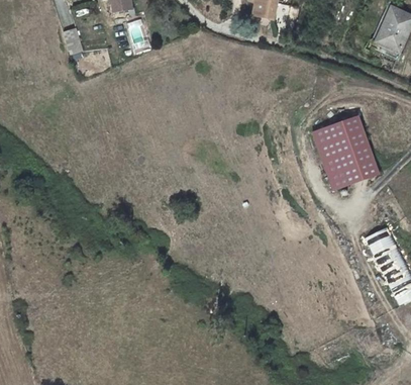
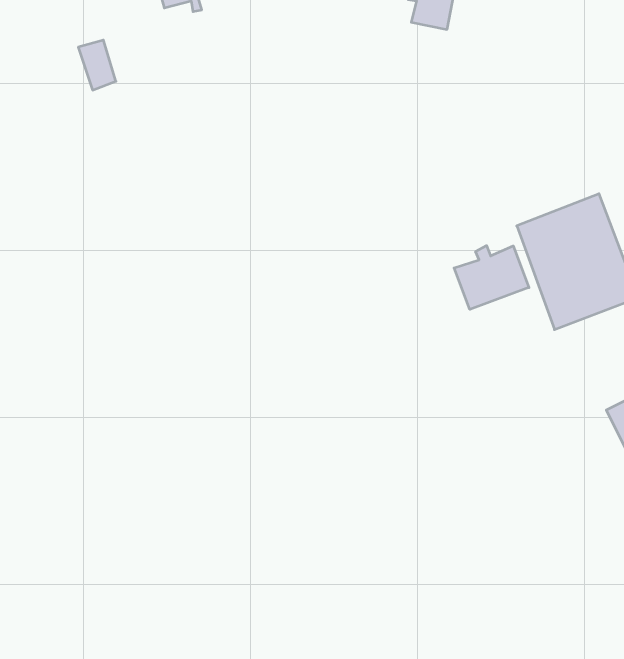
building: none -> [454,246,529,309]

